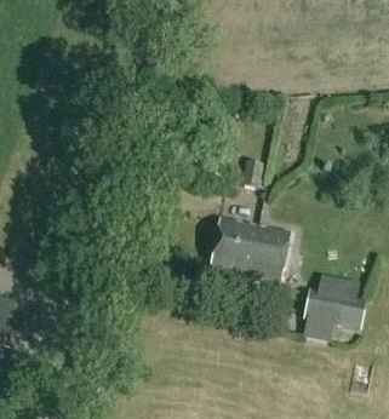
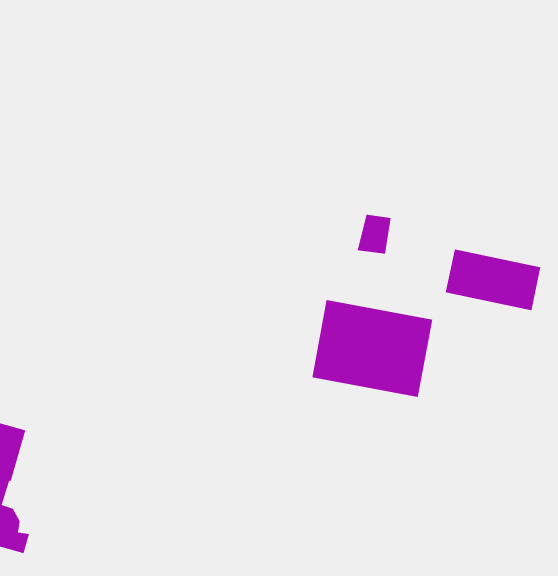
building: [303,288,367,329] -> [445,249,541,311]

